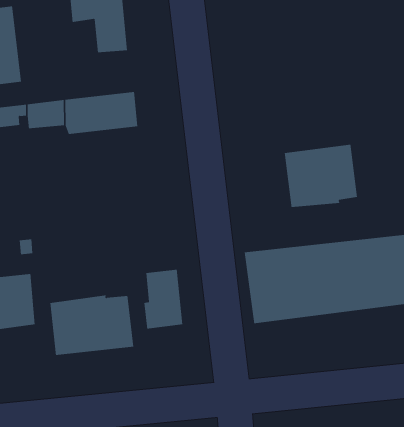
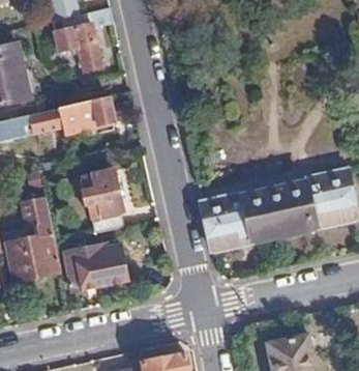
building: [284,144,358,208] -> none
building: [144,269,183,329] -> [91,171,122,217]

